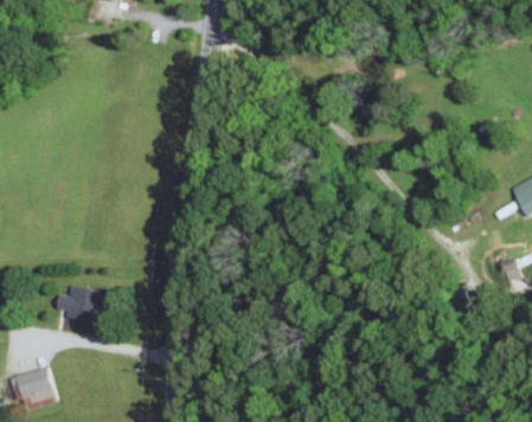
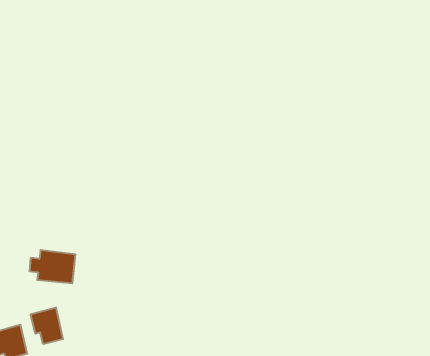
building: none -> [31,307,63,344]

